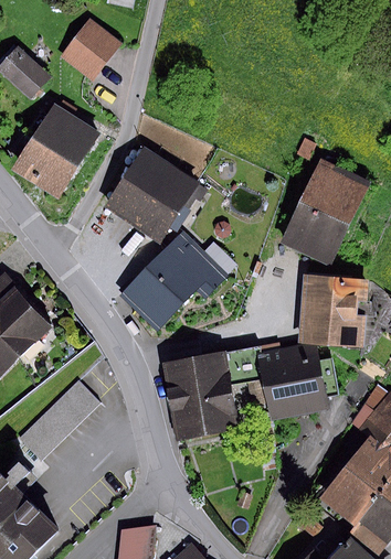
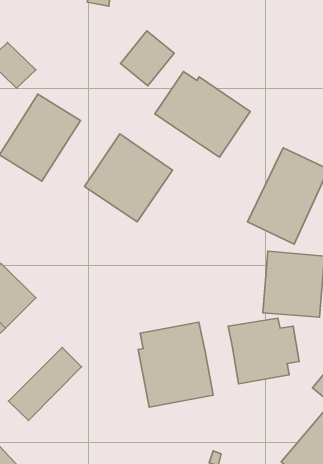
building: [62,18,120,77] -> [120,31,174,86]
building: none -> [155,71,250,157]
building: [121,230,228,324] -> none
building: [228,345,264,383] -> none

